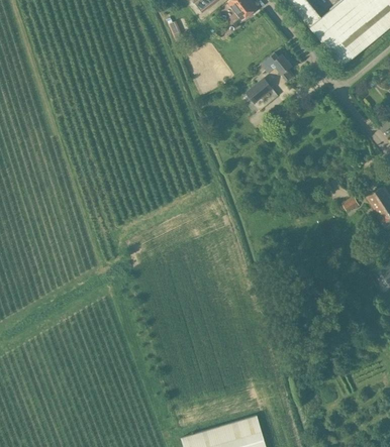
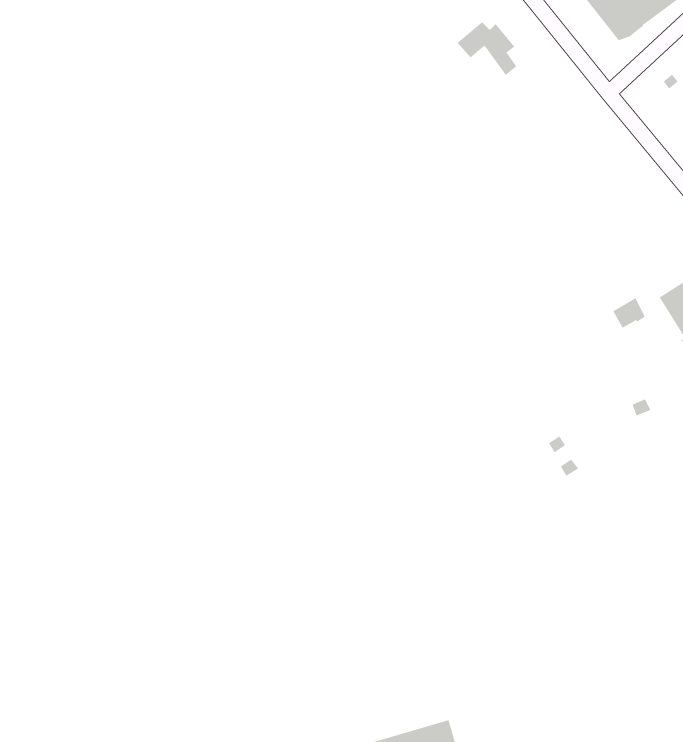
building: [246,77,273,110] -> none

